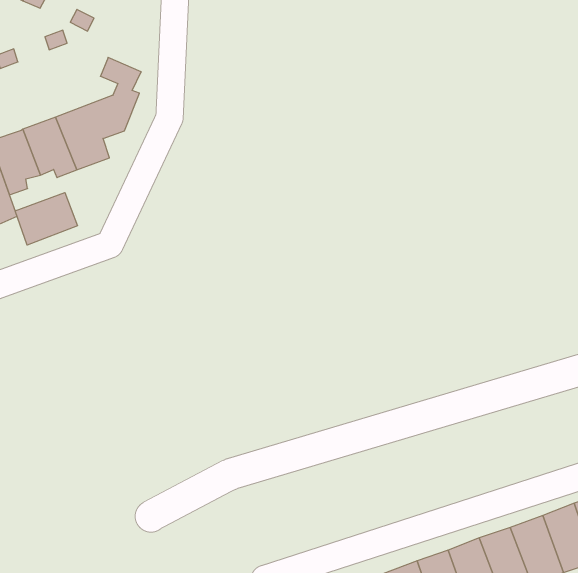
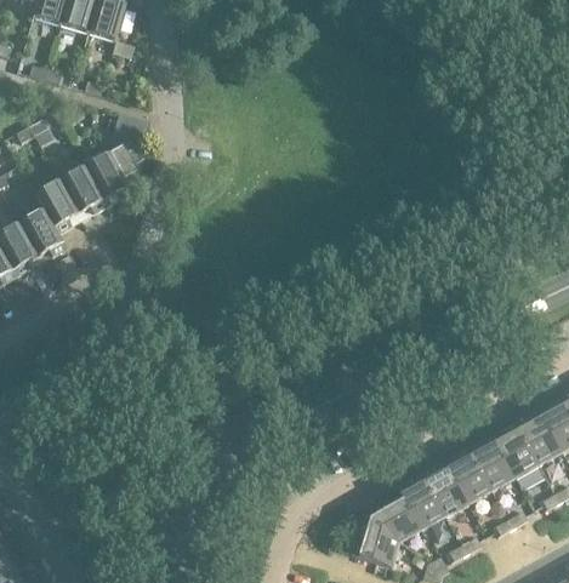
building: [15,193,78,245] -> none

